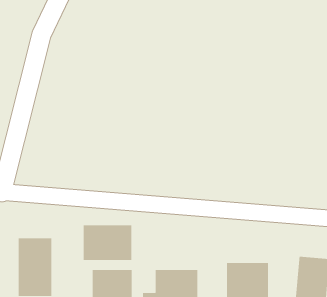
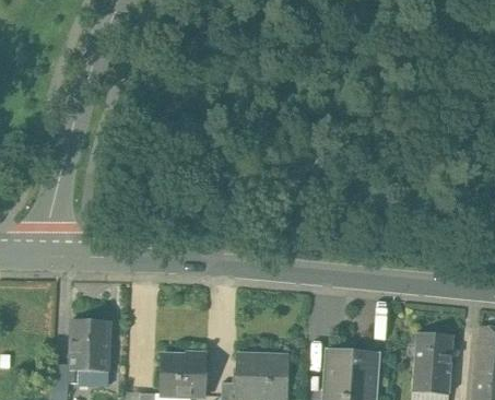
building: [83,225,132,261] -> none

